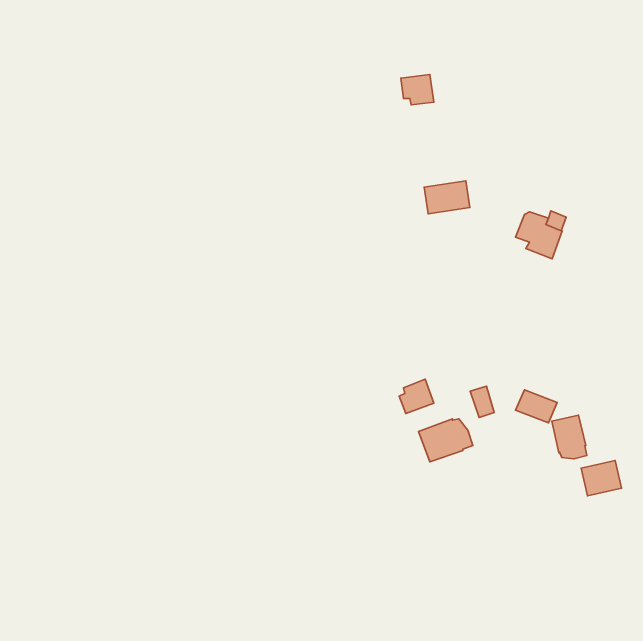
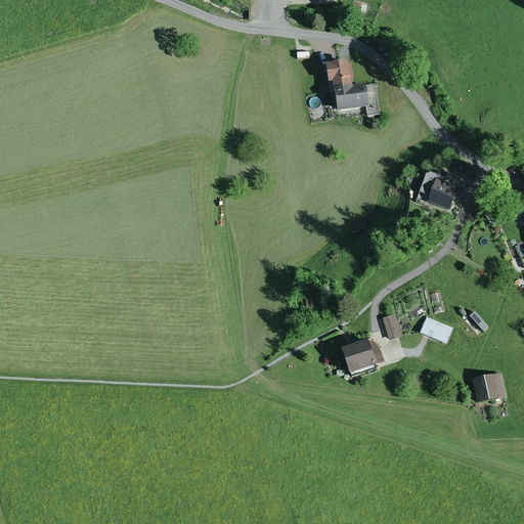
building: [424,181,470,214] -> [333,82,369,108]
building: [399,379,434,414] -> none
building: [552,415,587,459] -> none

